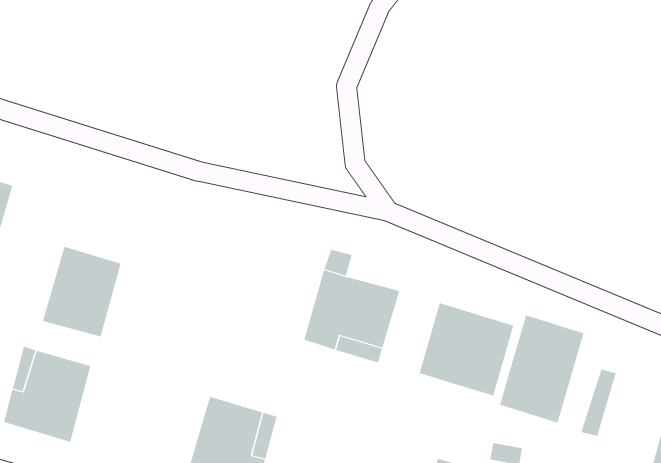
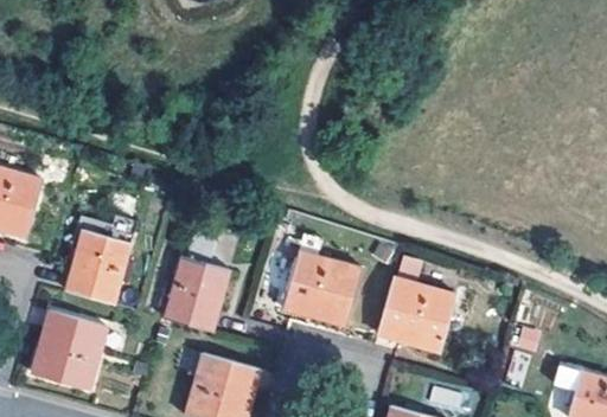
building: none -> [165,257,230,329]
building: [500,314,584,423] -> none

